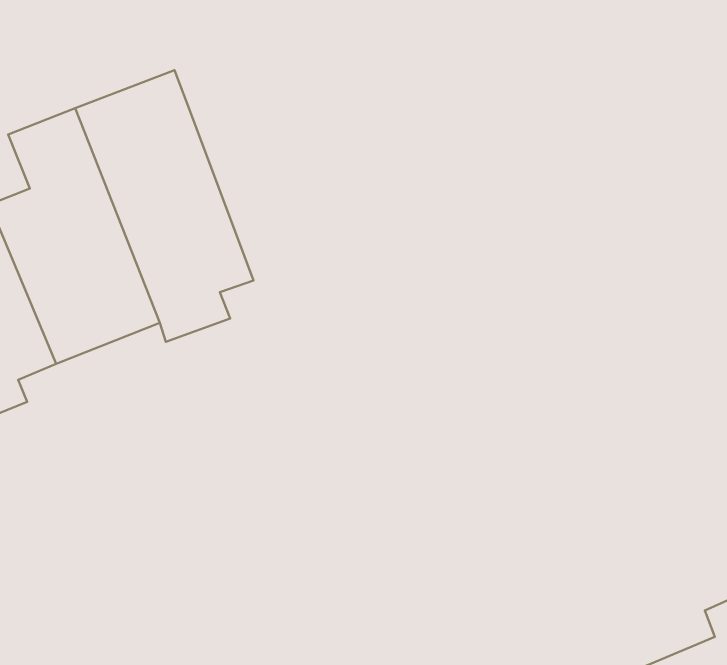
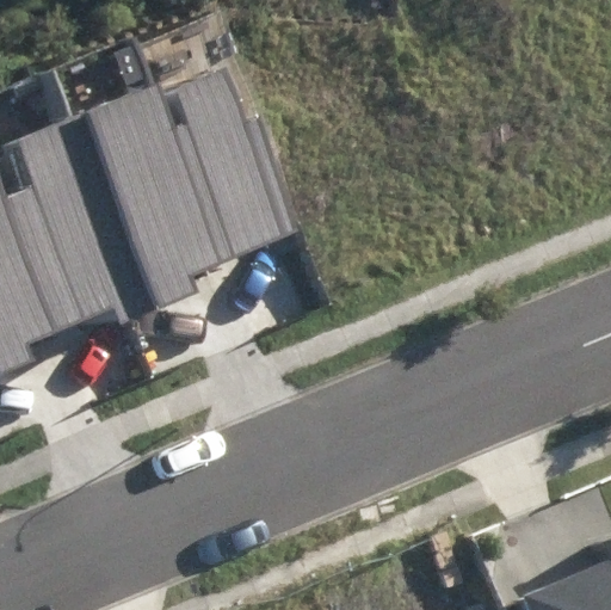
building: none -> [167,69,304,261]

